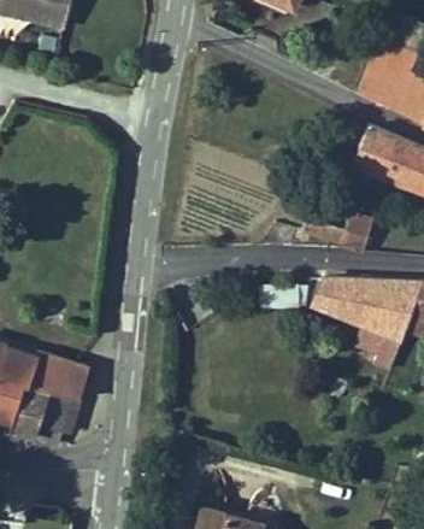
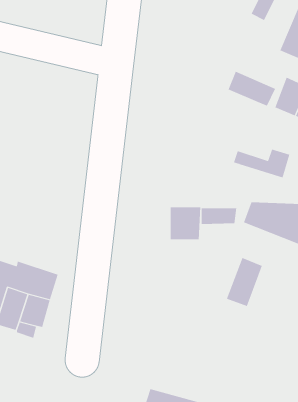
building: none -> [228,71,276,107]
building: none -> [170,207,201,240]
building: none -> [226,257,263,307]

